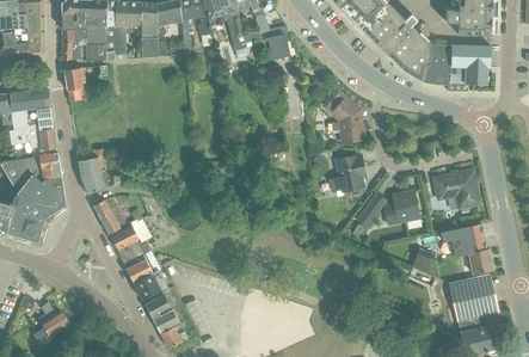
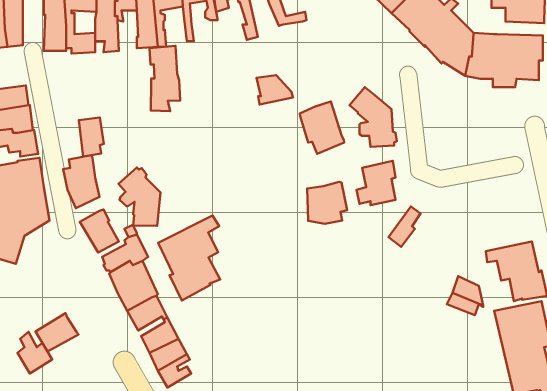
building: [266,33,297,59] -> [257,75,293,104]
building: none -> [150,46,180,111]
building: [64,67,86,100] -> [79,117,104,156]
building: none -> [300,101,344,154]
building: none -> [119,168,160,226]
building: [432,168,480,208] -> none
building: none -> [307,182,347,224]
building: [383,190,419,223] -> none
building: none -> [158,216,220,301]
building: none -> [36,313,78,351]

